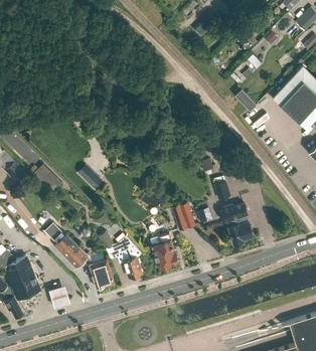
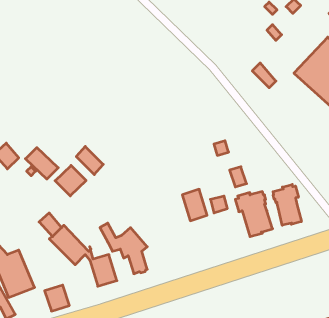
building: none -> [55,165,86,196]
building: none -> [273,184,301,225]
building: [149,234,177,270] -> none

